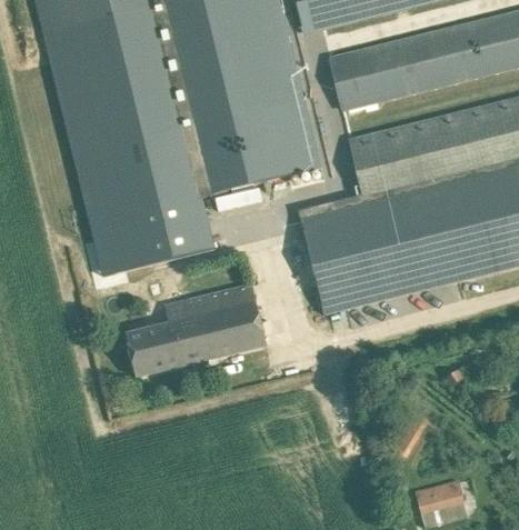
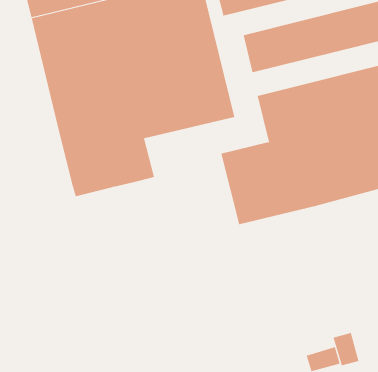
building: [126,282,267,376] -> none
building: none -> [333,332,359,366]

